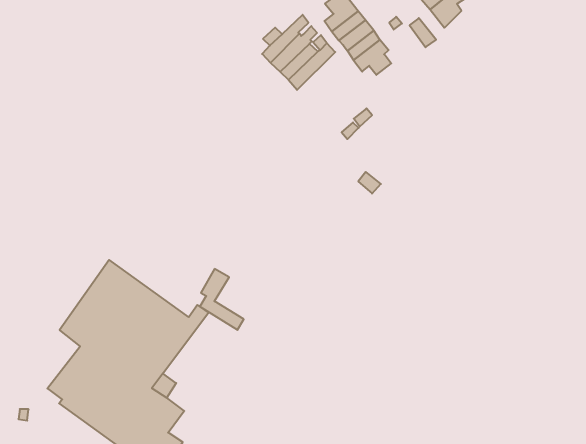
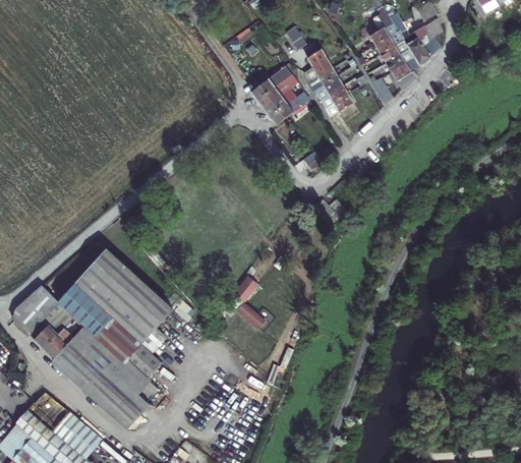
building: [200,269,244,330] -> [231,275,266,327]
building: none -> [12,285,74,348]

